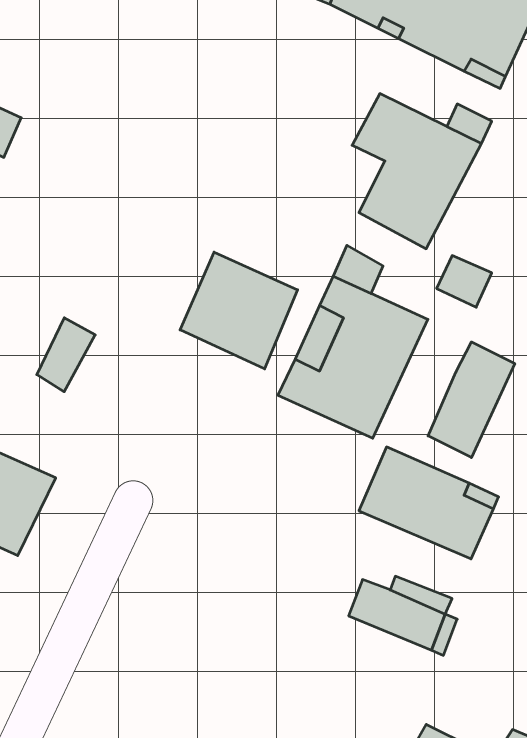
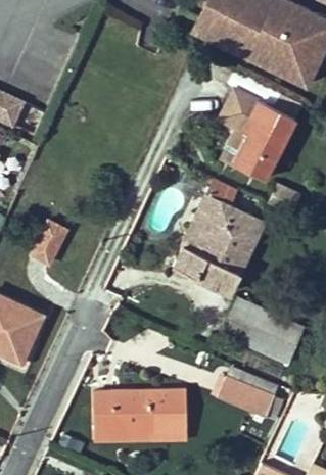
building: [180,252,298,369] -> none
building: [428,342,515,458] -> none
building: none -> [108,391,186,441]

